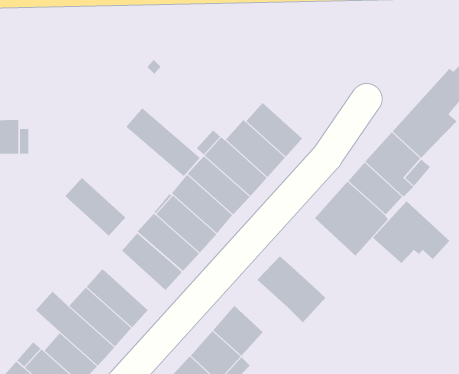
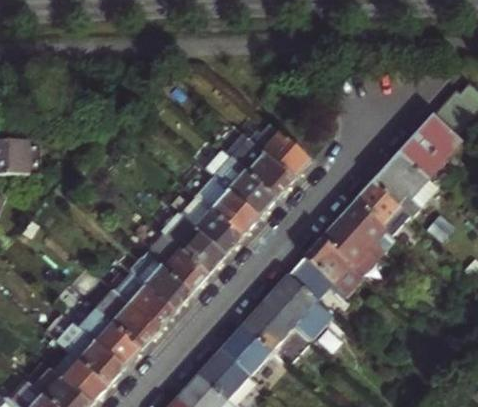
building: [126,107,201,177] -> none
building: [65,177,126,237] -> [112,271,173,330]
building: [372,200,450,264] -> [286,239,363,302]
building: none -> [241,300,293,352]

